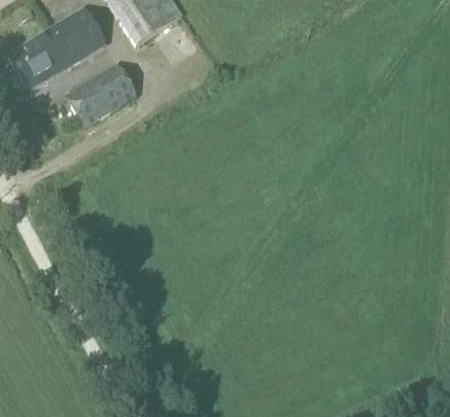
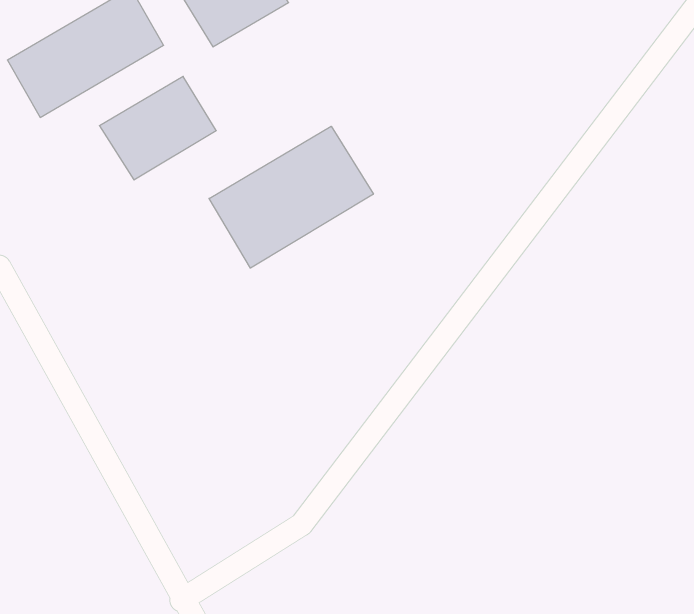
building: none -> [209,126,373,268]

